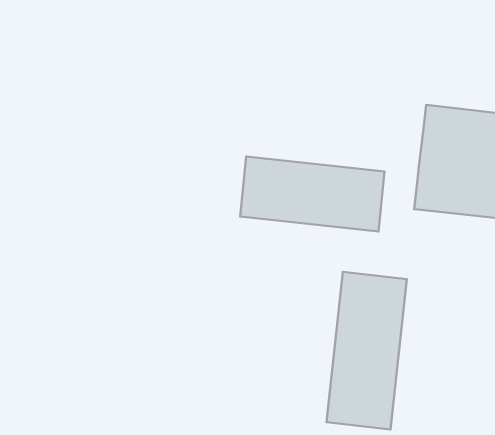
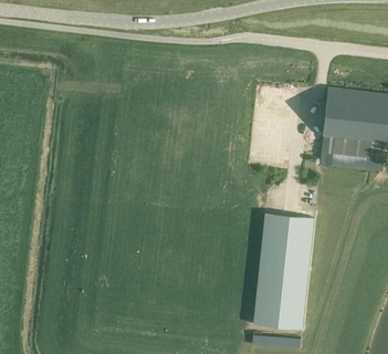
building: [240,156,385,232] -> none

